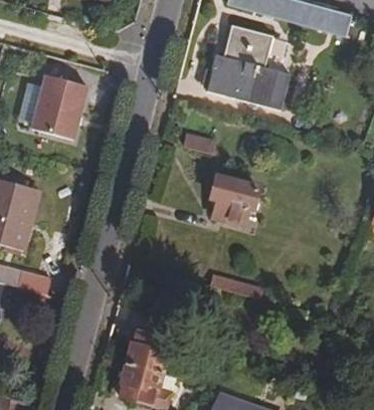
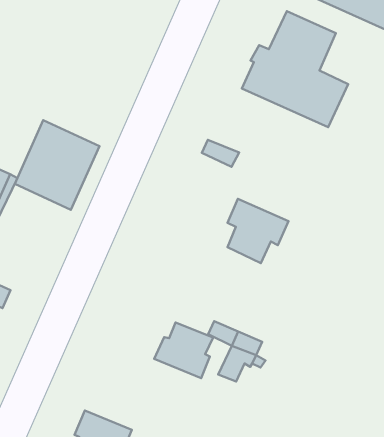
building: [27,72,88,139] -> [15,120,99,210]
building: [125,332,168,372] -> [154,322,213,378]

